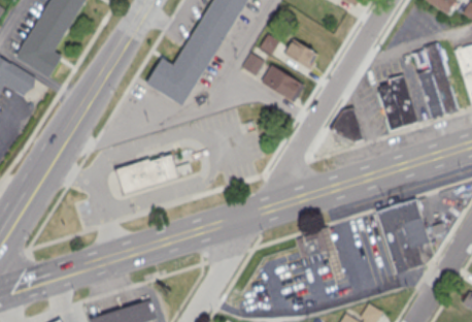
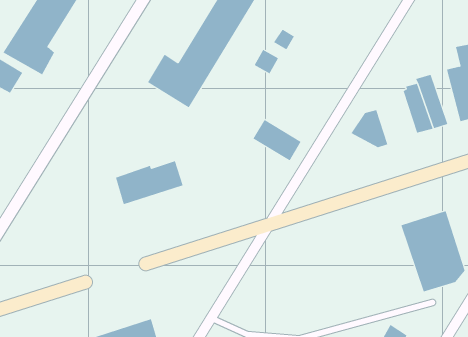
building: [282,40,317,69] -> none
building: [260,66,304,104] -> [253,119,302,161]

